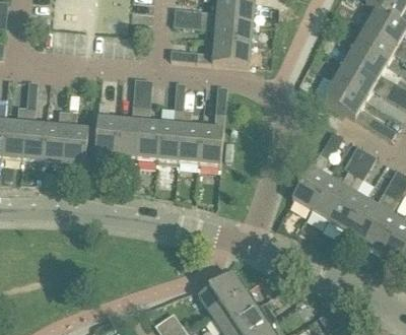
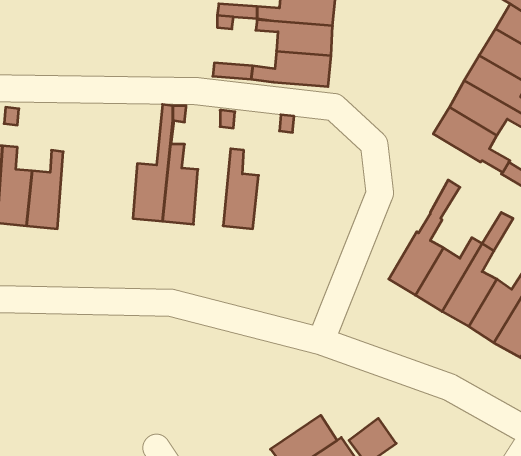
building: [94,100,119,155] -> none
building: [157,107,183,160] -> none
building: [64,110,88,164] -> none
building: [198,111,225,164] -> none
building: [198,272,245,314] -> none

